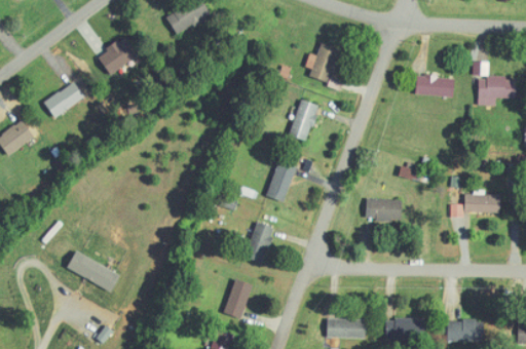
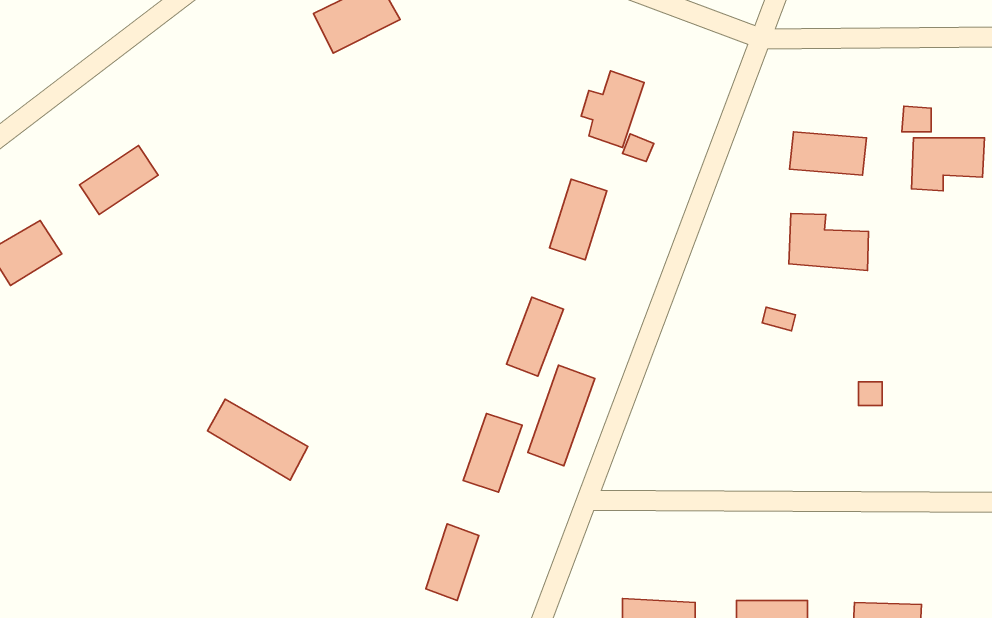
building: [97,38,138,74] -> none
building: none -> [789,214,868,270]
building: [464,194,499,214] -> none
building: none -> [528,365,595,466]
building: [365,198,402,222] -> none
building: [67,250,119,293] -> [208,399,308,480]

